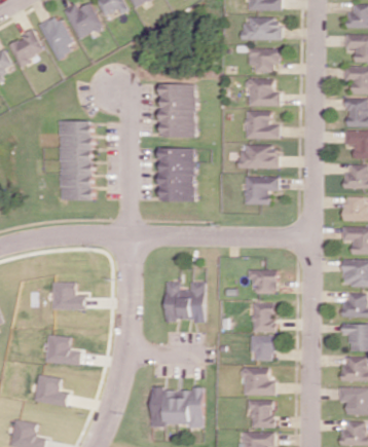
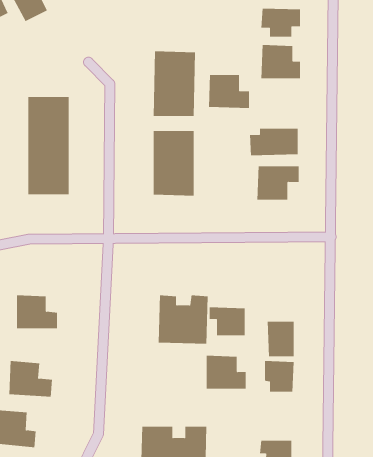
building: [246,111,280,139] -> [208,74,250,108]
building: [248,269,278,293] -> [209,307,245,336]
building: [244,367,277,395] -> [206,355,246,389]

